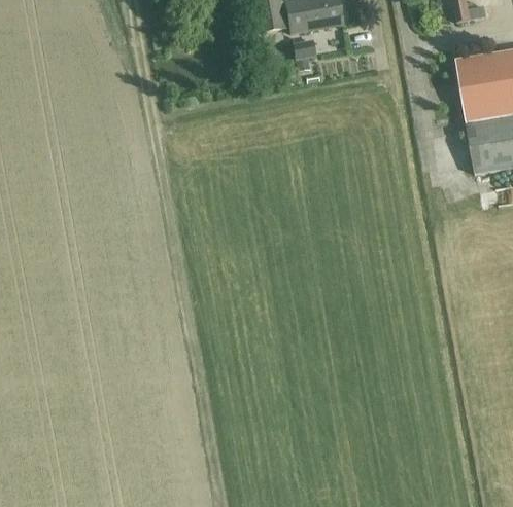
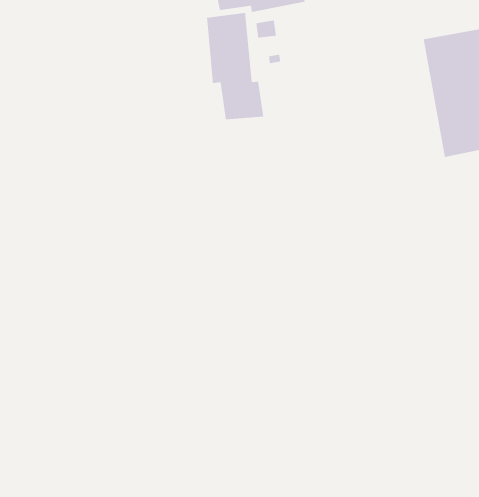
building: none -> [206,12,264,120]

